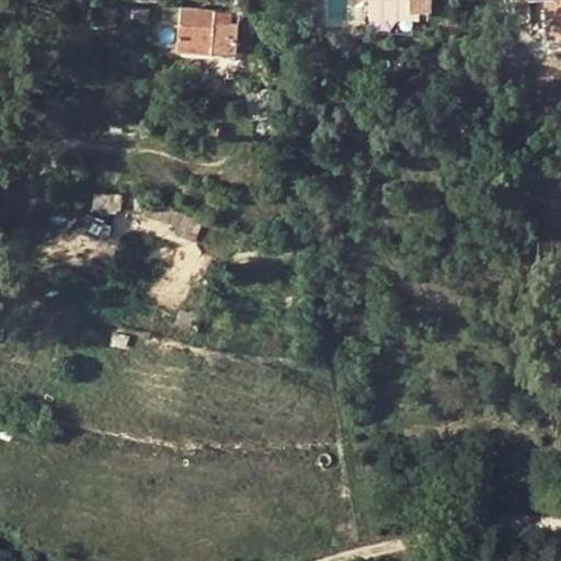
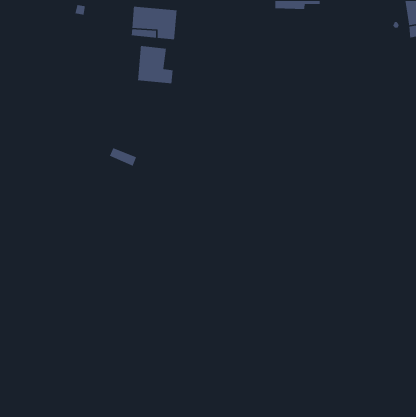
building: none -> [137,45,173,84]

